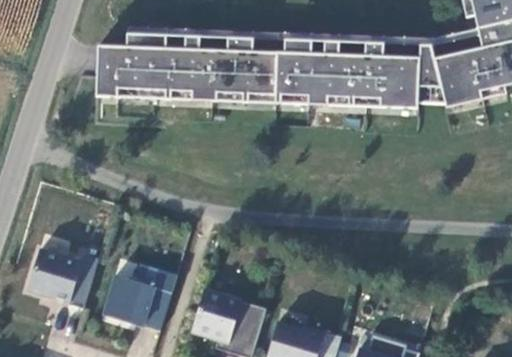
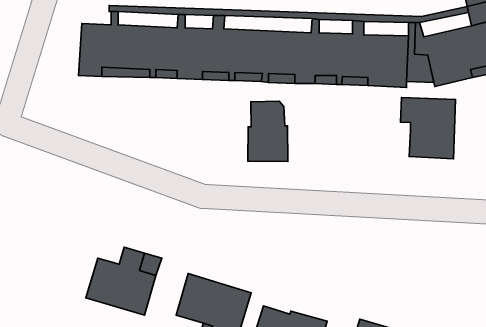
building: none -> [401,97,456,159]
building: none -> [248,101,288,161]
building: [28,250,99,309] -> none

